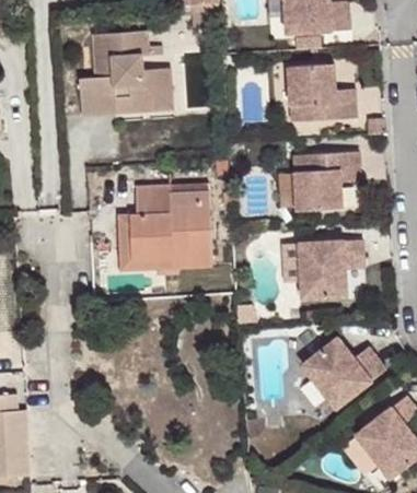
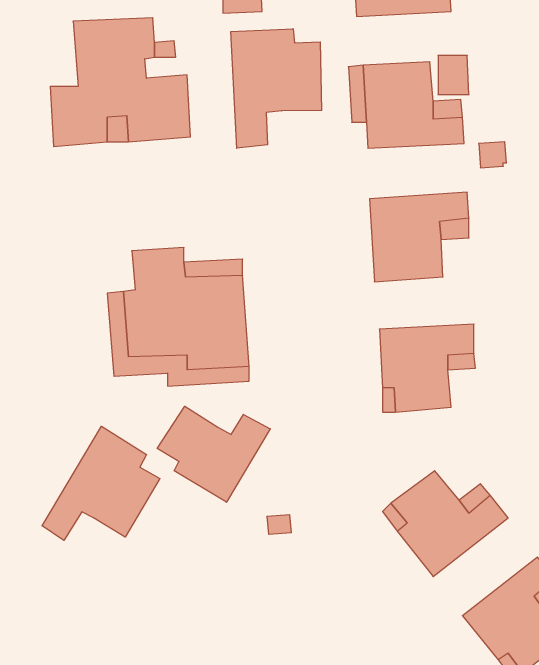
building: none -> [231,29,322,148]
building: none -> [157,406,270,502]
building: none -> [42,426,160,540]

